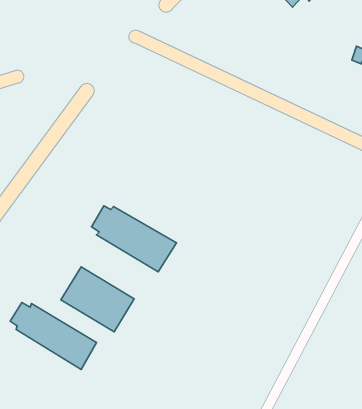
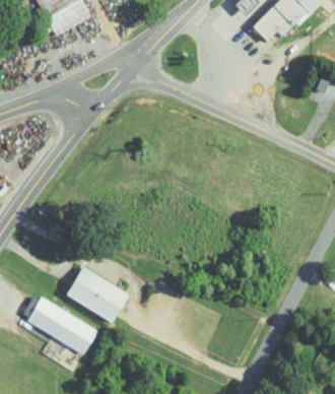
building: [91,206,176,272] -> none

